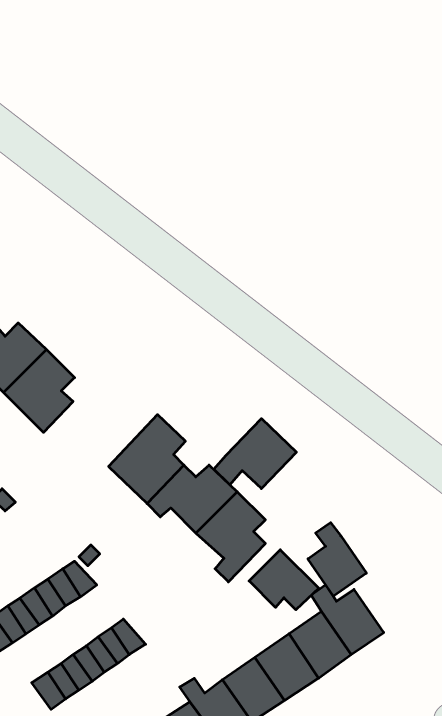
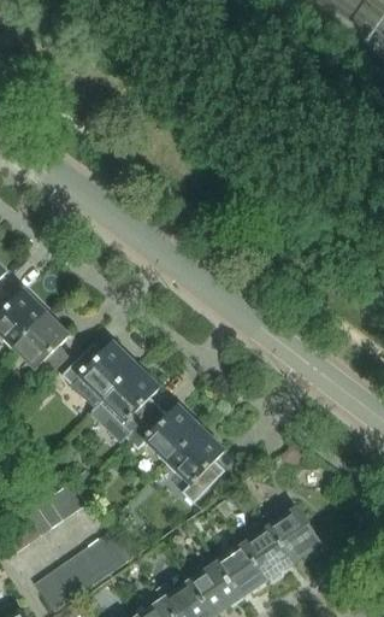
building: none -> [63,342,137,407]
building: [214,419,296,489] -> none
building: [308,523,366,596] -> none
building: [249,550,319,610] -> none

